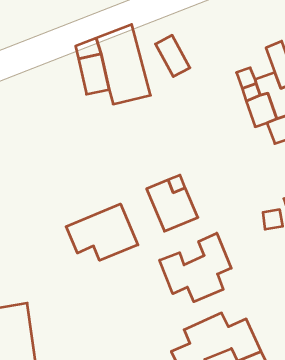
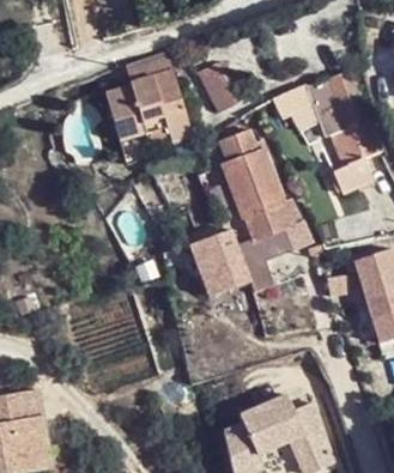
building: none -> [218,126,311,259]
building: [66,204,138,260] -> none
building: [160,233,231,302] -> none

